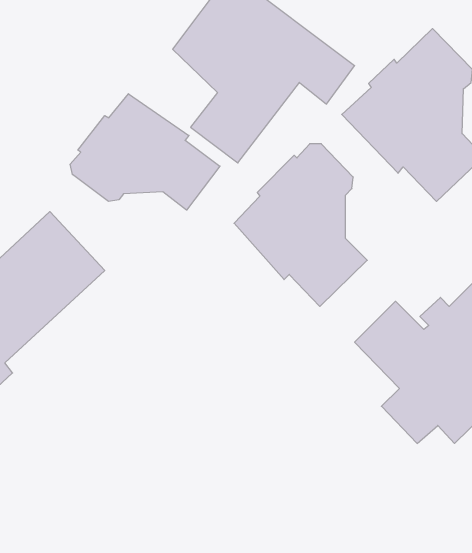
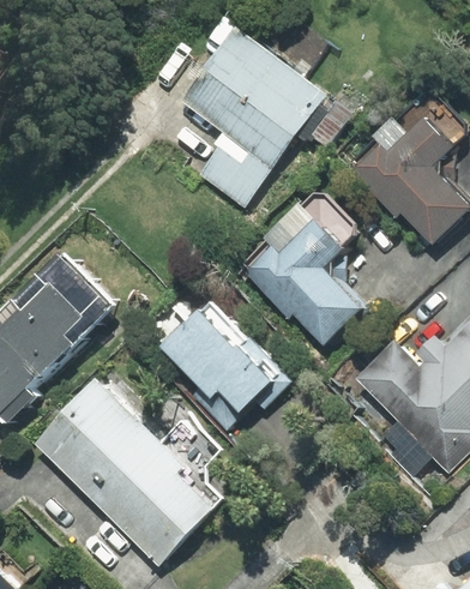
building: [70,94,220,210] -> none
building: none -> [162,297,297,421]
building: none -> [43,386,234,567]

